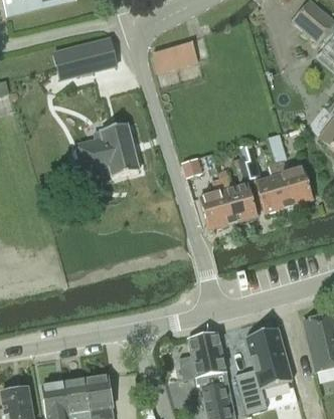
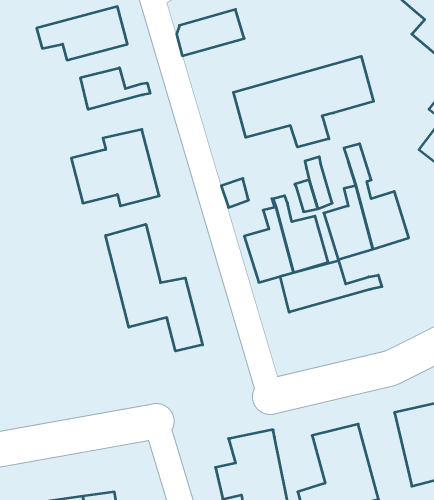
building: none -> [233,56,374,147]
building: none -> [81,68,150,109]
building: none -> [106,224,203,351]
building: none -> [280,261,382,312]

